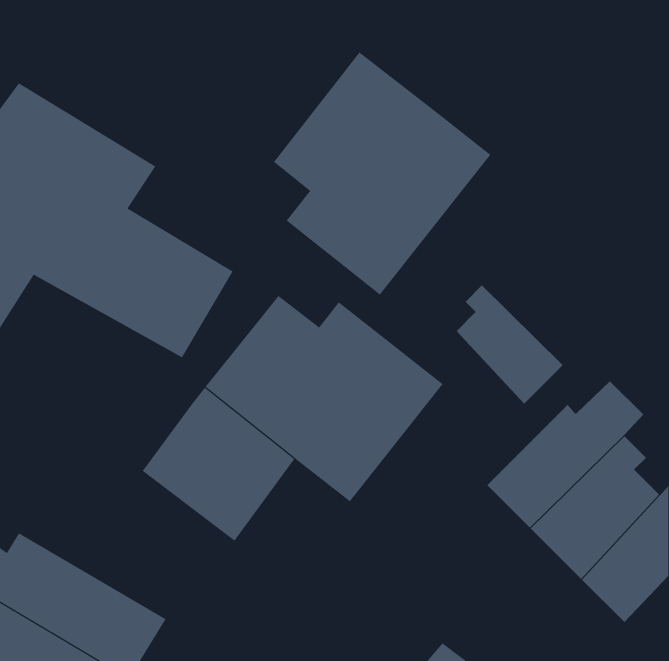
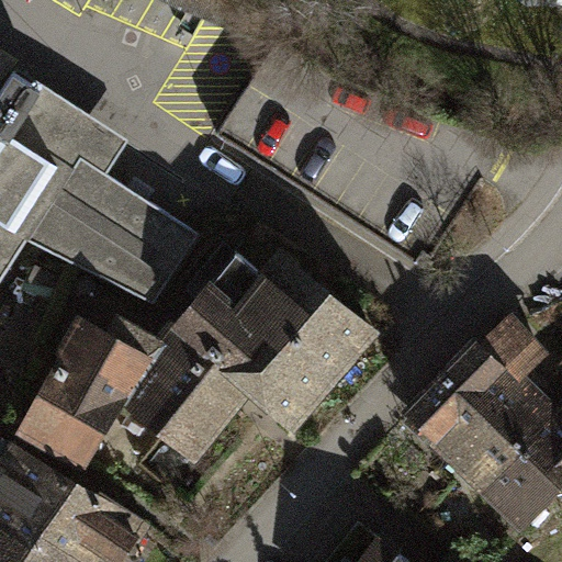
building: [273,52,491,295] -> none
building: [456,285,564,405] -> none
building: none -> [23,324,159,464]

